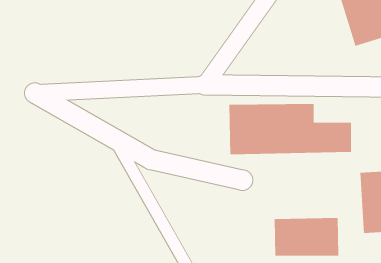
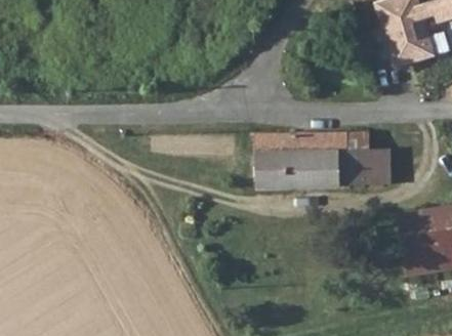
building: [274,217,339,257] -> none

